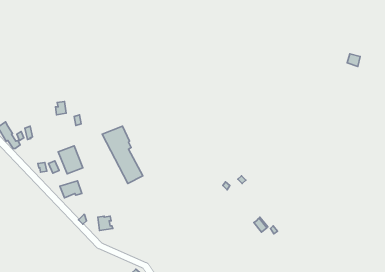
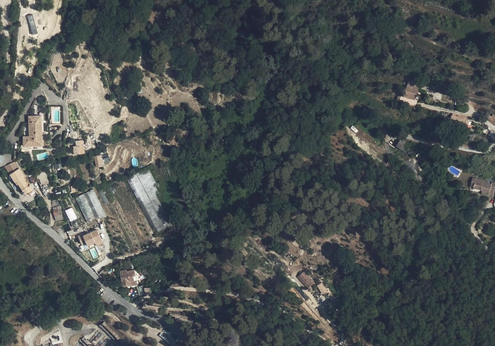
building: none -> [22,115,43,148]

